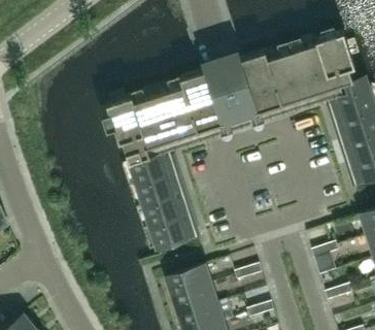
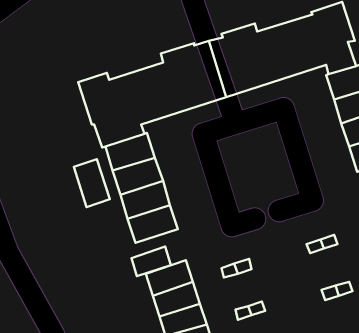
building: none -> [74,159,110,207]
building: none -> [131,247,171,276]

